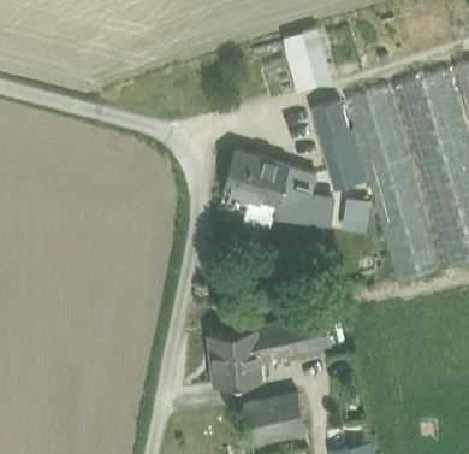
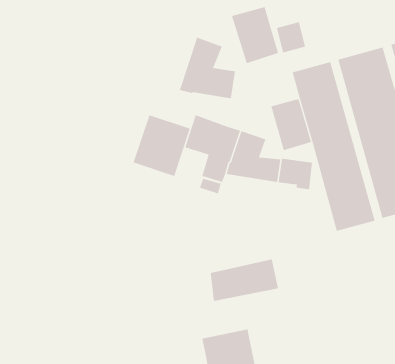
building: none -> [179,37,236,99]
building: [315,107,349,143] -> [276,22,306,53]
building: none -> [133,114,191,177]
building: [208,332,259,389] -> none

